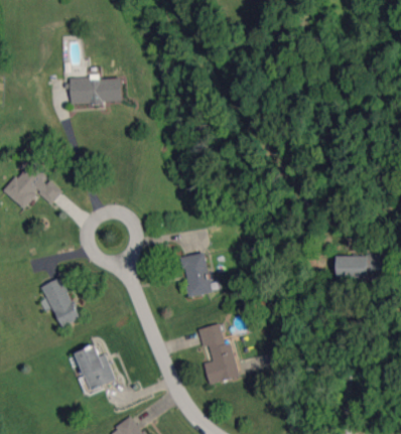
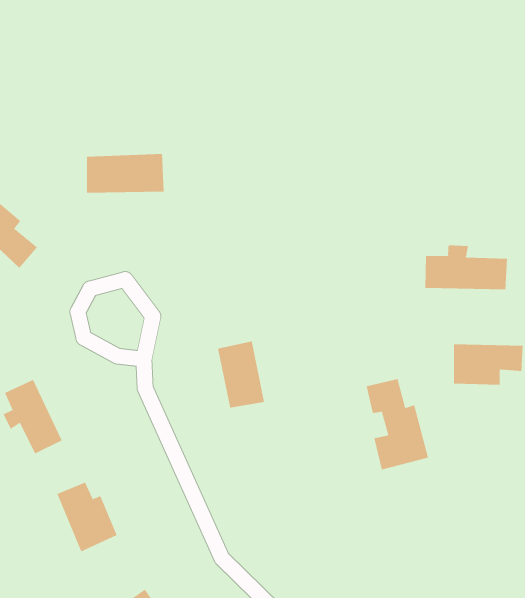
building: [70,77,121,103] -> [86,153,164,193]
building: none -> [425,245,507,290]
building: [198,323,240,384] -> [366,378,429,470]

